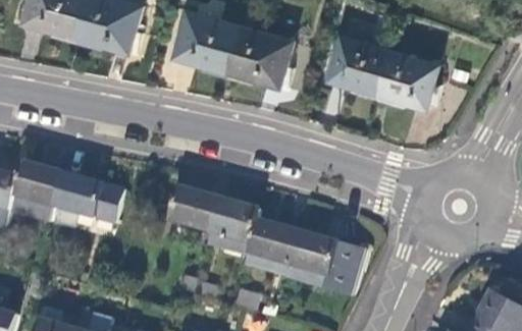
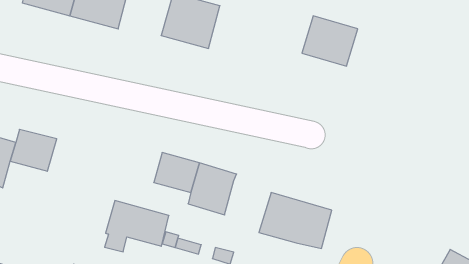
building: [228,25,294,87] -> none
building: [379,51,440,106] -> none
building: [51,171,121,227] -> [105,201,169,252]
building: [244,217,297,274] -> none

